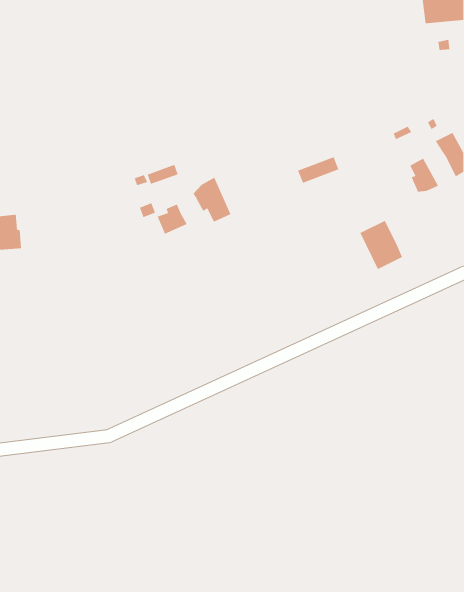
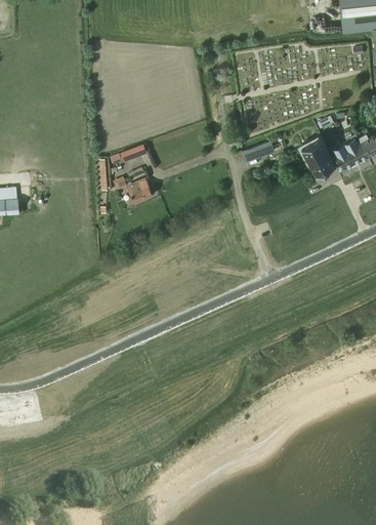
building: none -> [342,135,368,164]
building: [193,177,231,222] -> none
building: [360,220,403,270] -> [301,136,336,176]

